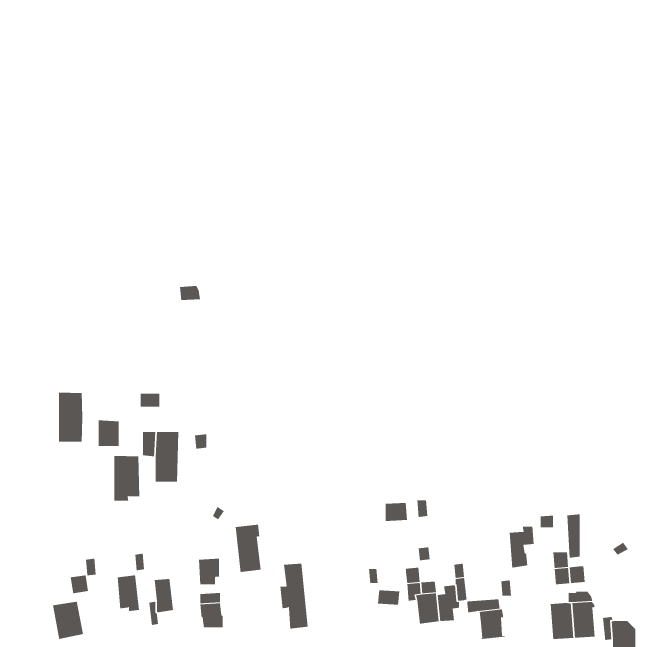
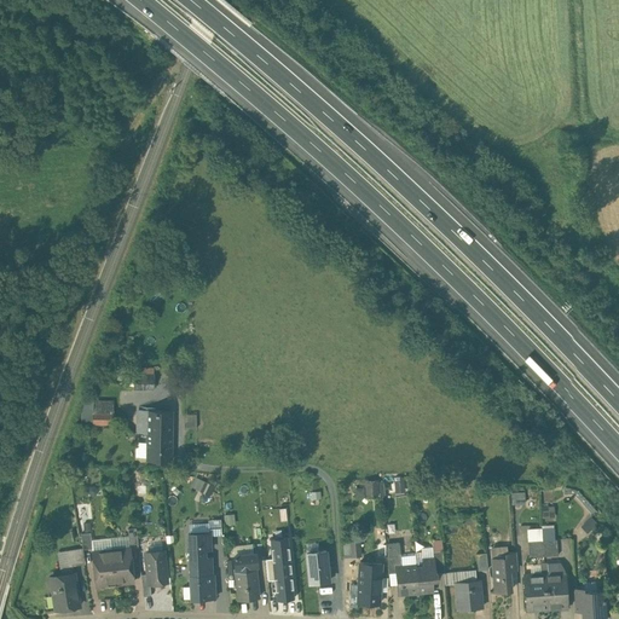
building: [59,392,83,443] -> none
building: [114,455,140,502] -> none
building: [235,524,261,572] -> [233,555,259,601]
building: [509,526,534,568] -> [492,554,516,594]
building: none -> [92,551,114,586]
building: none -> [306,551,329,584]
building: none -> [357,577,383,604]

